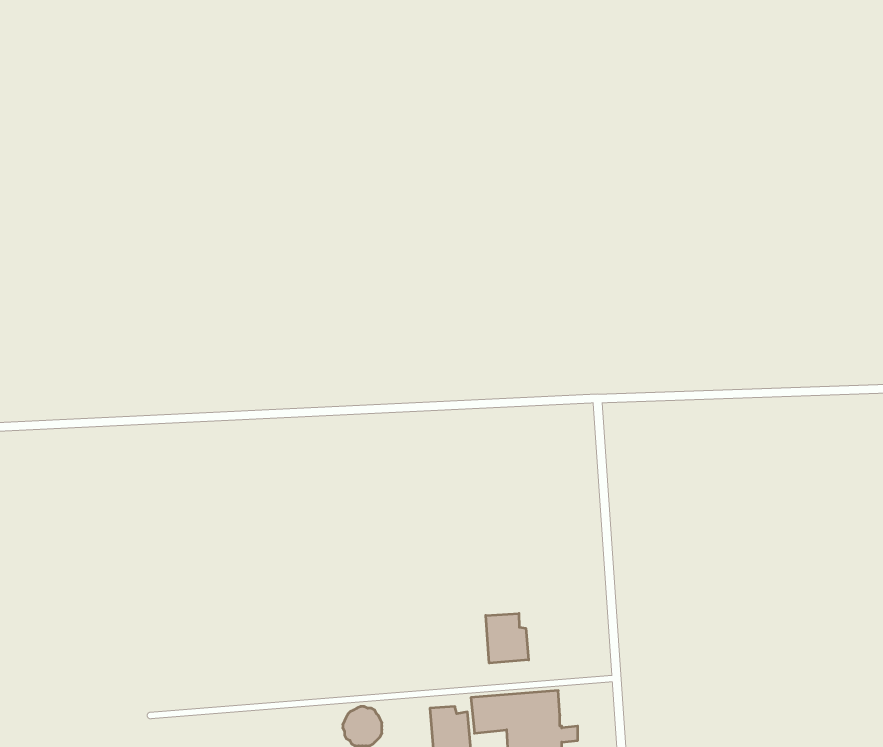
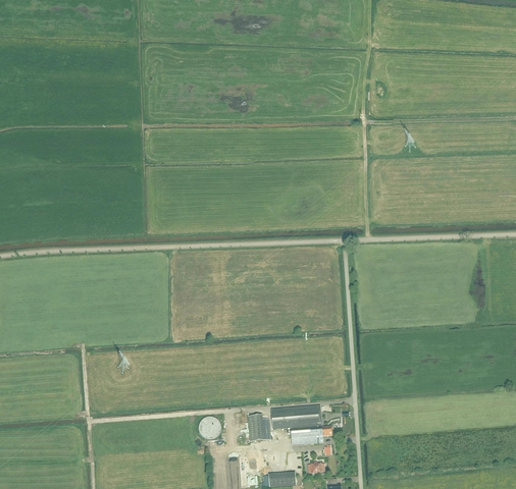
building: [486,613,529,663] -> none

